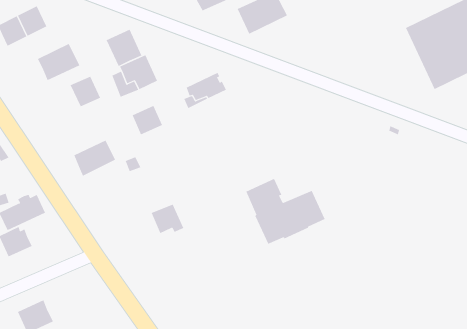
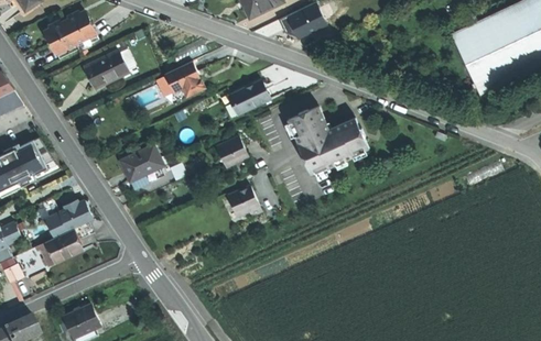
building: [106,29,142,67] -> none
building: [70,76,101,107] -> none
building: [132,105,163,135] -> [216,138,247,167]
building: [246,178,325,245] -> [288,108,367,174]
building: [151,204,184,234] -> [227,187,260,217]

